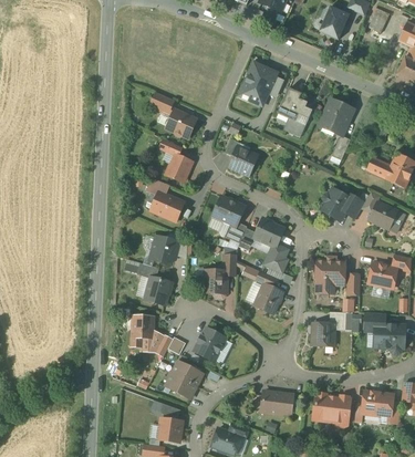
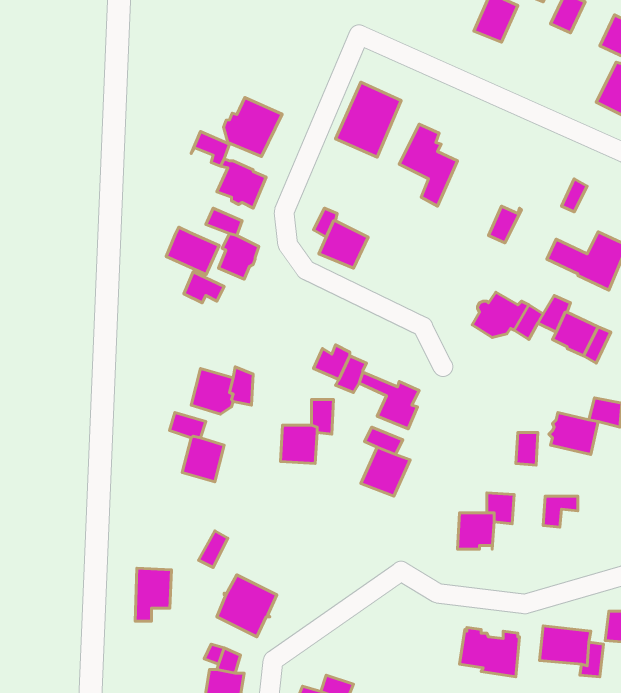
building: none -> [224,97,282,157]
building: [320,98,353,135] -> none
building: [152,191,184,220] -> [166,227,219,275]
building: [212,196,245,227] -> none
building: [255,218,284,247] -> none
building: [315,260,345,293] -> none
building: [132,314,154,346] -> [135,568,172,621]
building: [374,321,405,353] -> none
building: [194,328,225,361] -> none
building: [261,391,293,415] -> none

